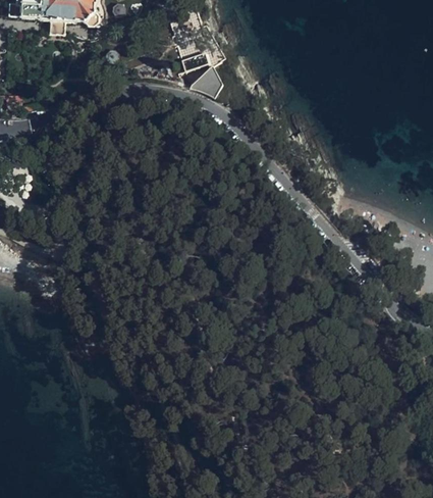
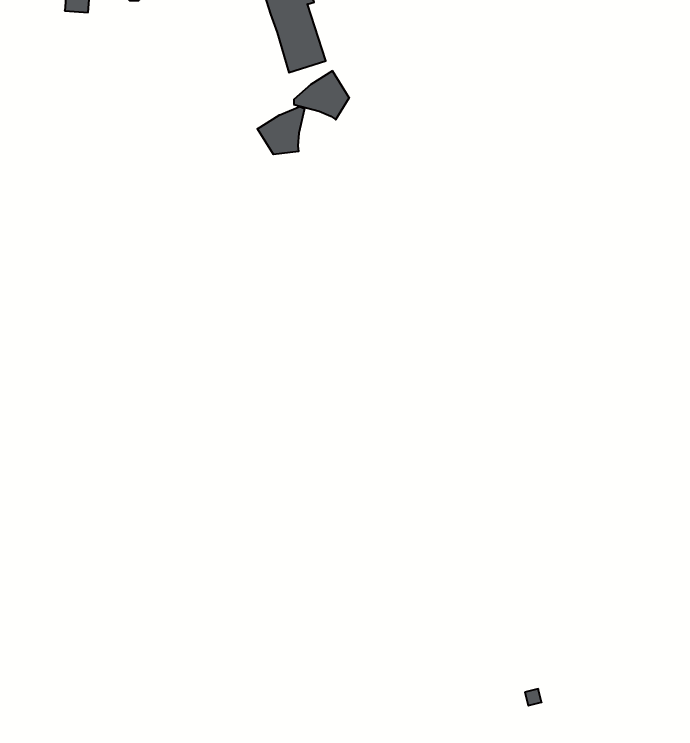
building: none -> [257,106,304,154]

